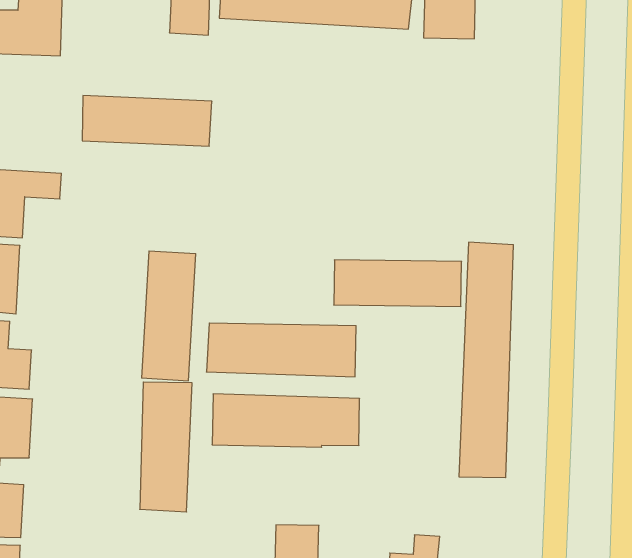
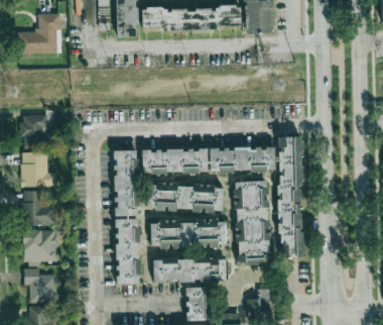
building: [82,96,212,146] -> [141,149,208,174]
building: none -> [235,181,270,264]
building: none -> [153,258,226,282]

